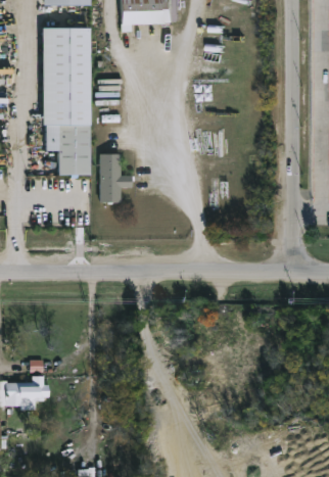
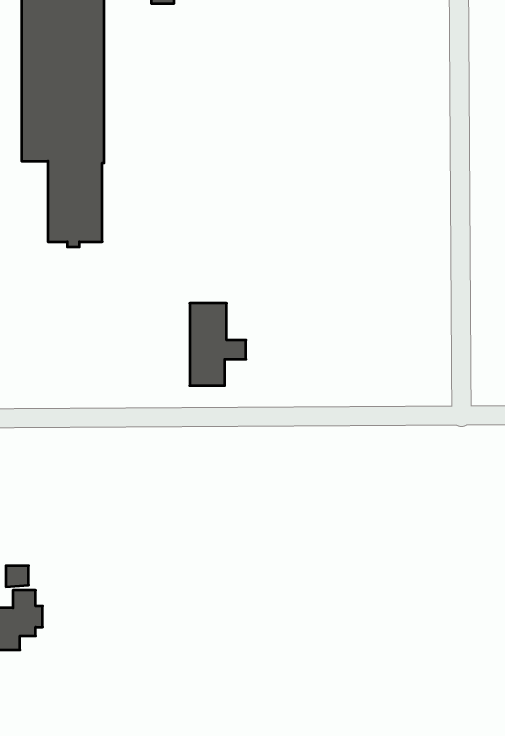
building: [104,153,137,201] -> [190,303,246,386]

